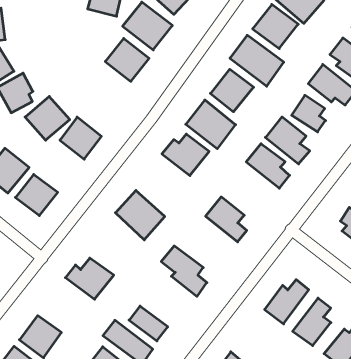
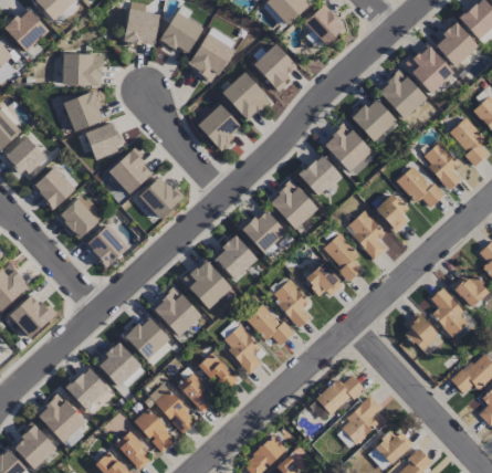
building: none -> [212,235,258,281]
building: none -> [305,263,344,301]
building: none -> [151,286,201,337]
building: none -> [247,304,293,346]
building: none -> [198,353,238,390]
building: none -> [95,343,145,391]

